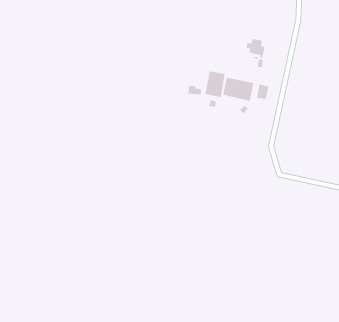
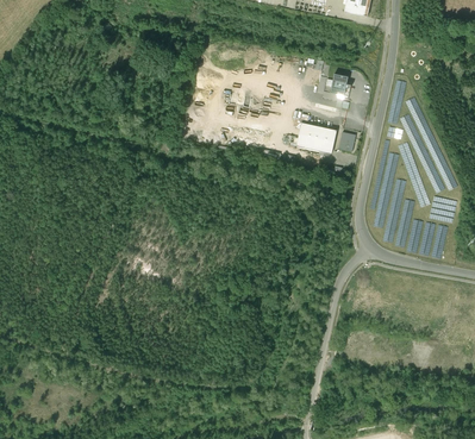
building: [205,70,225,98] -> none

